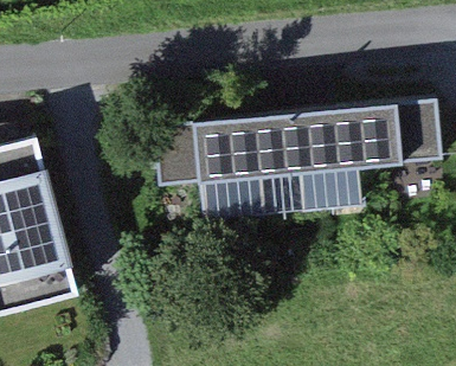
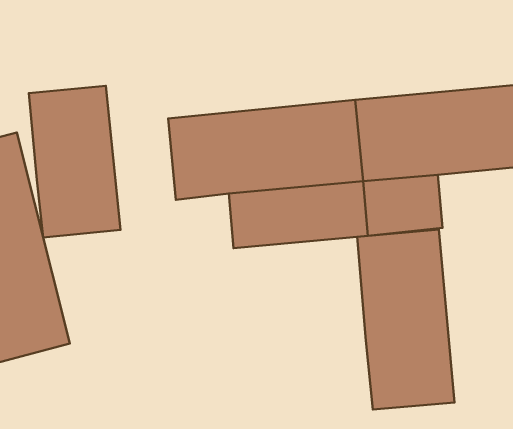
building: none -> [29,86,120,237]
building: none -> [357,230,455,410]

